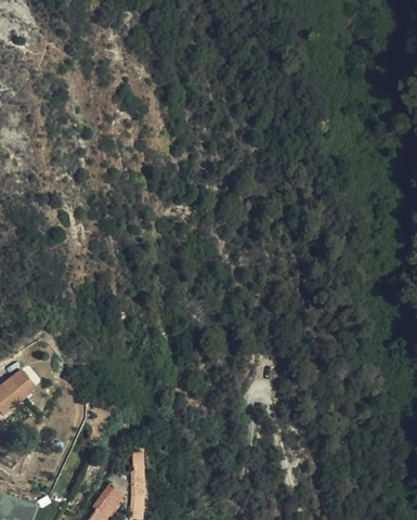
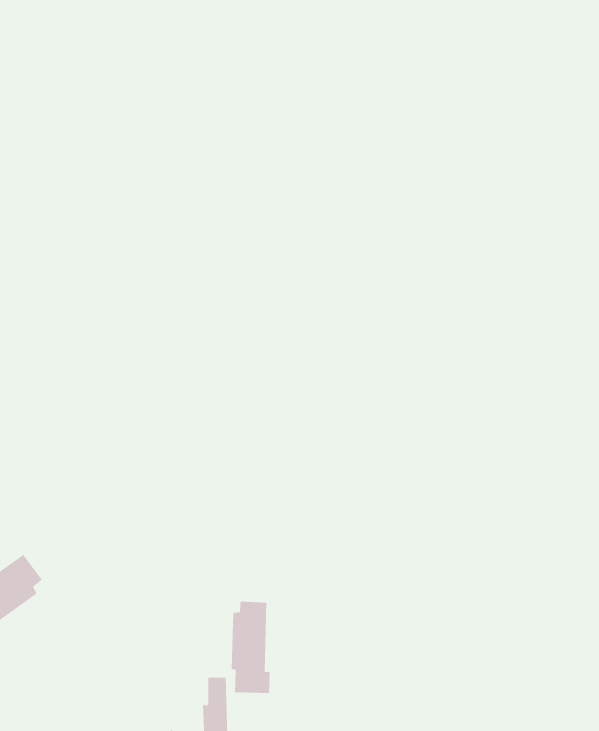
building: none -> [231,601,271,694]

